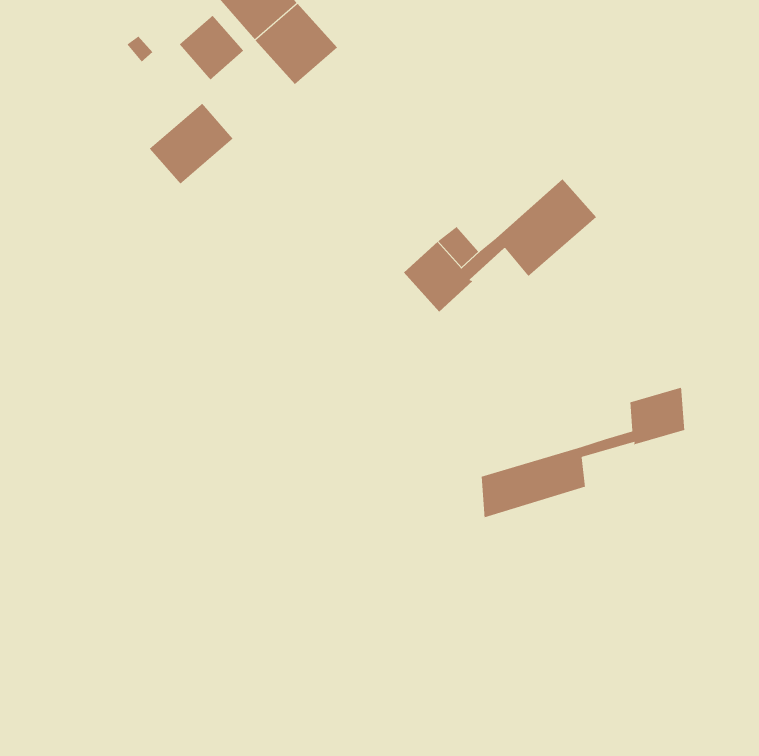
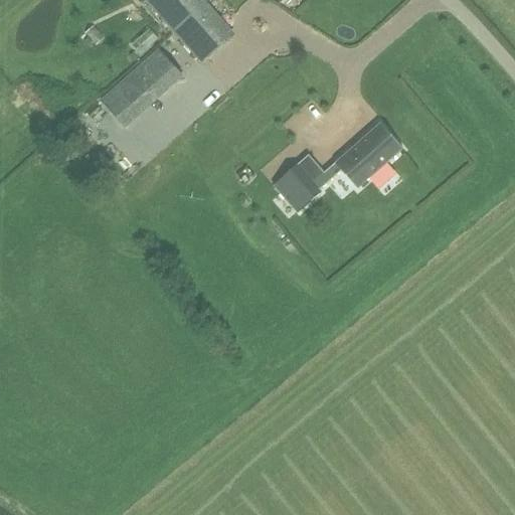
building: [179,15,244,80] -> [138,49,182,94]
building: [481,387,685,518] -> none

